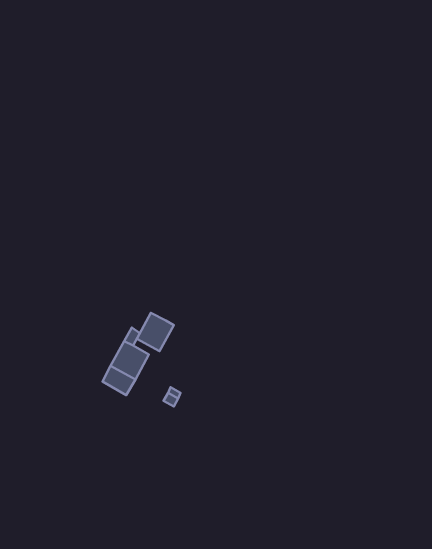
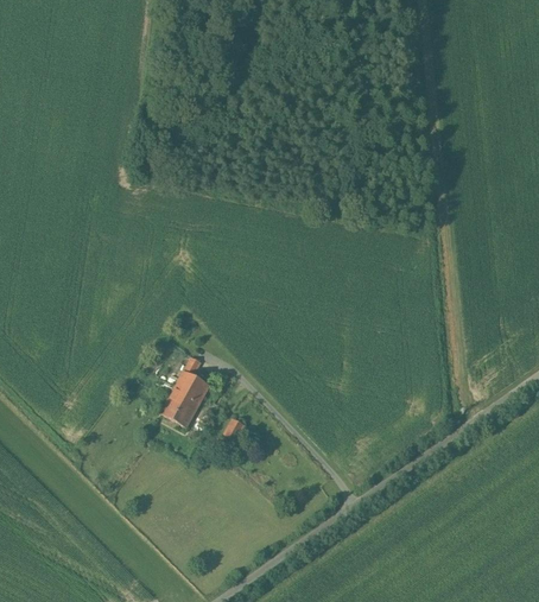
building: [137,313,174,351] -> none

